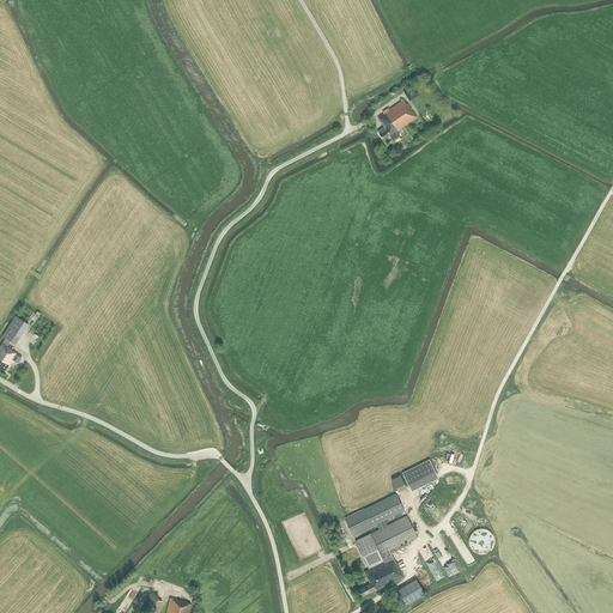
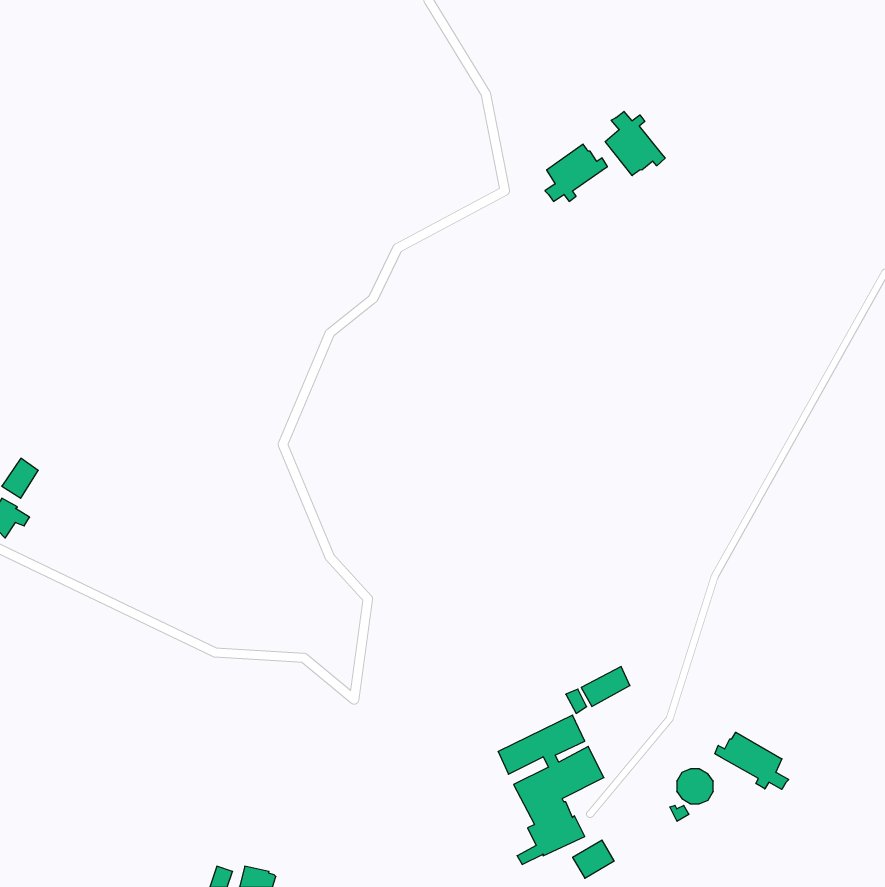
building: none -> [605,111,665,176]
building: none -> [715,732,789,789]

